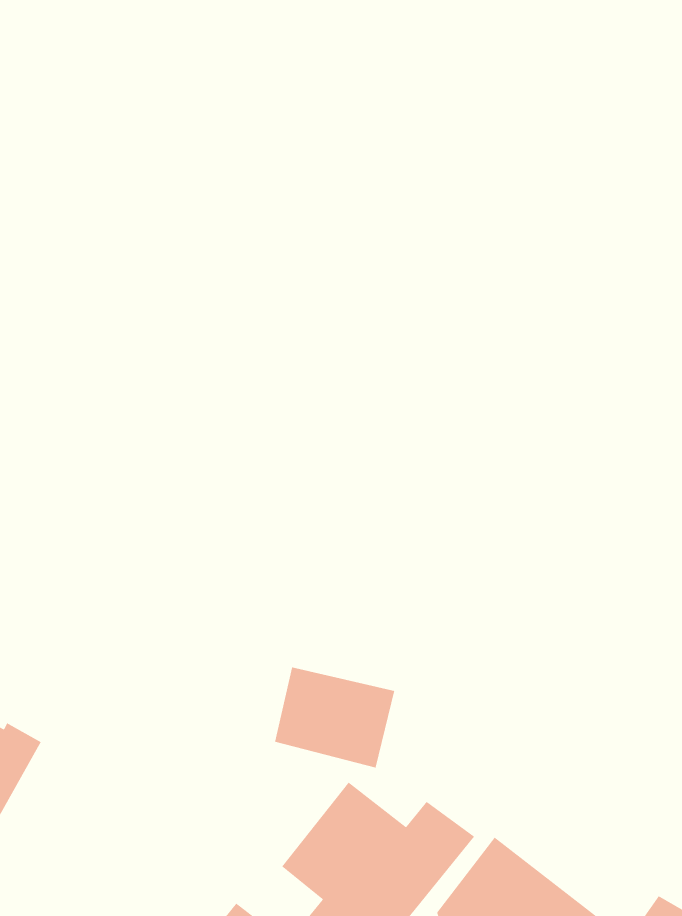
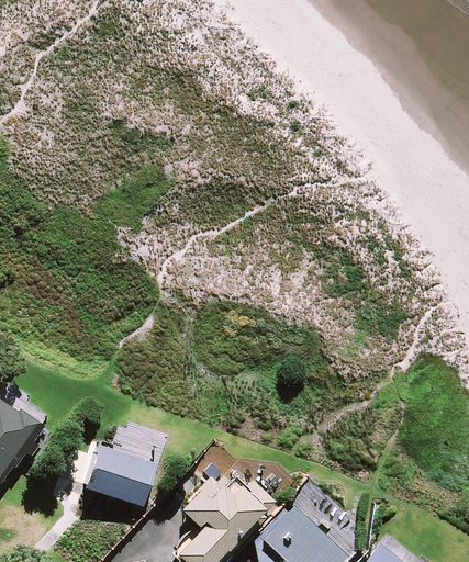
building: [274,666,395,769] -> [87,446,158,508]

